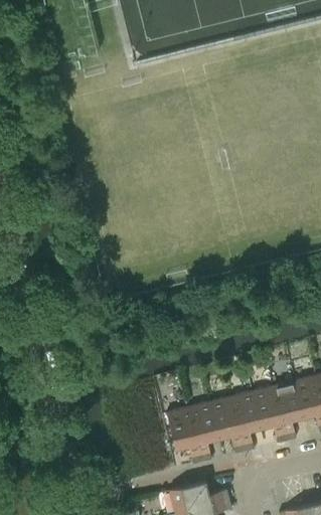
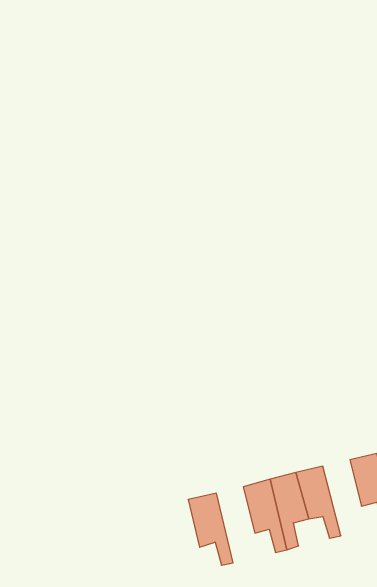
building: [272,381,302,441] -> none
building: [188,402,218,462] -> none

